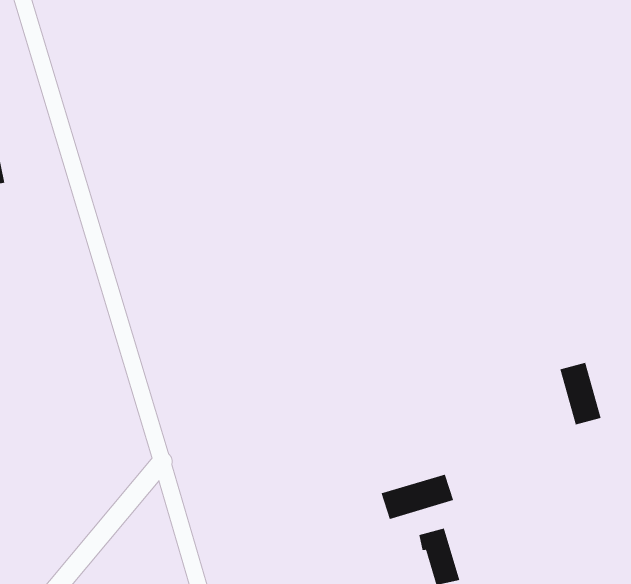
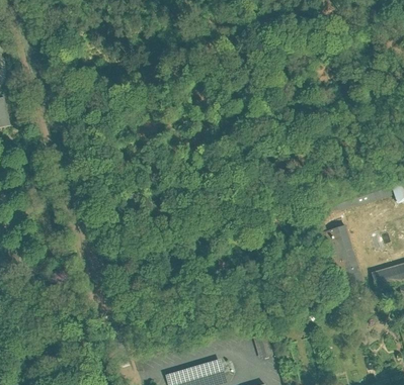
building: [381,474,454,520] -> none

